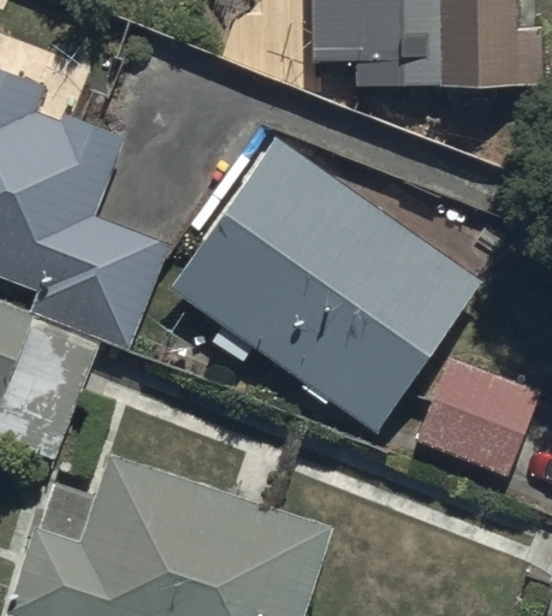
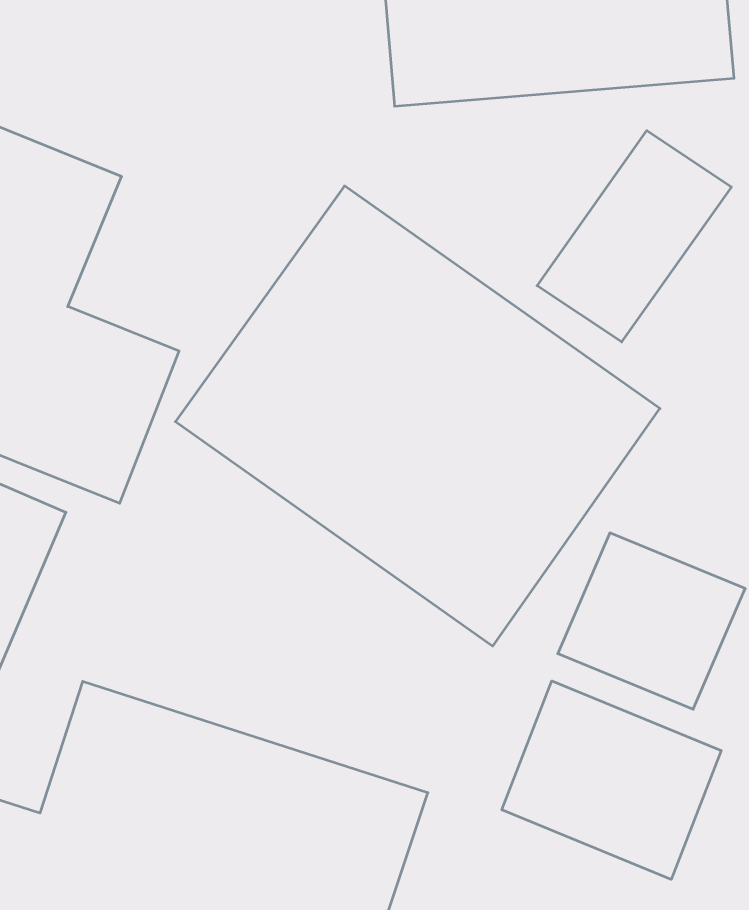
building: none -> [537,131,731,342]
building: none -> [502,681,721,879]

